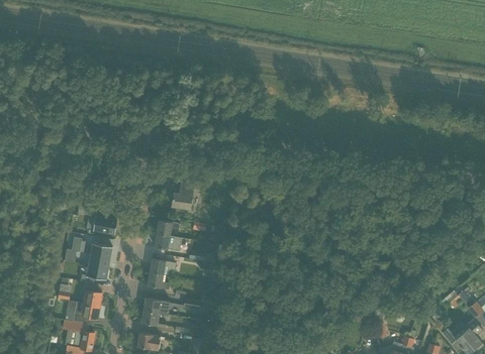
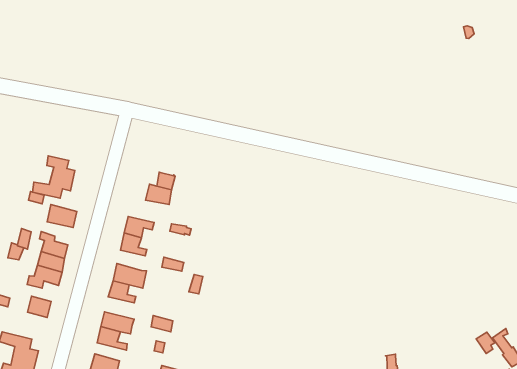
building: none -> [33,156,75,198]
building: [73,303,100,324] -> none

